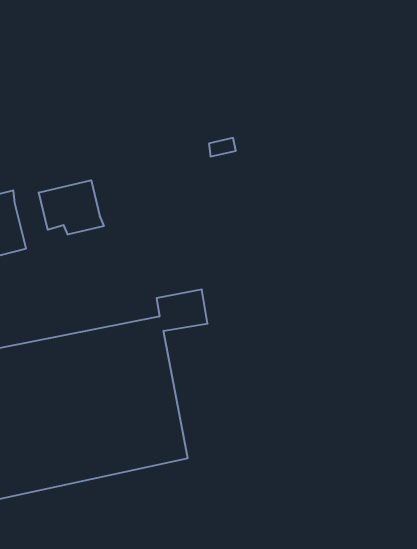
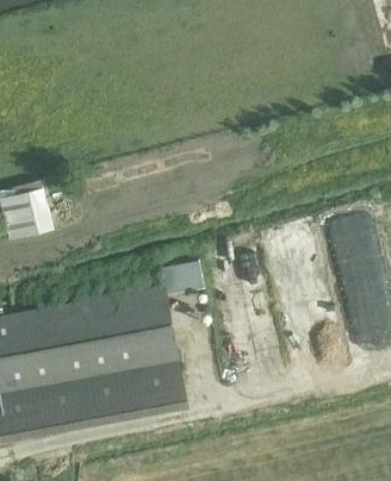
building: [39,180,104,235] -> none

